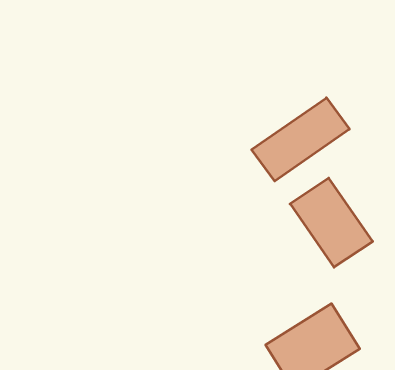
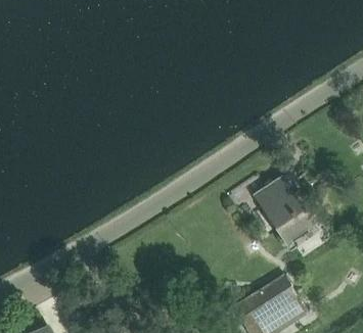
building: [252,98,349,181] -> none

